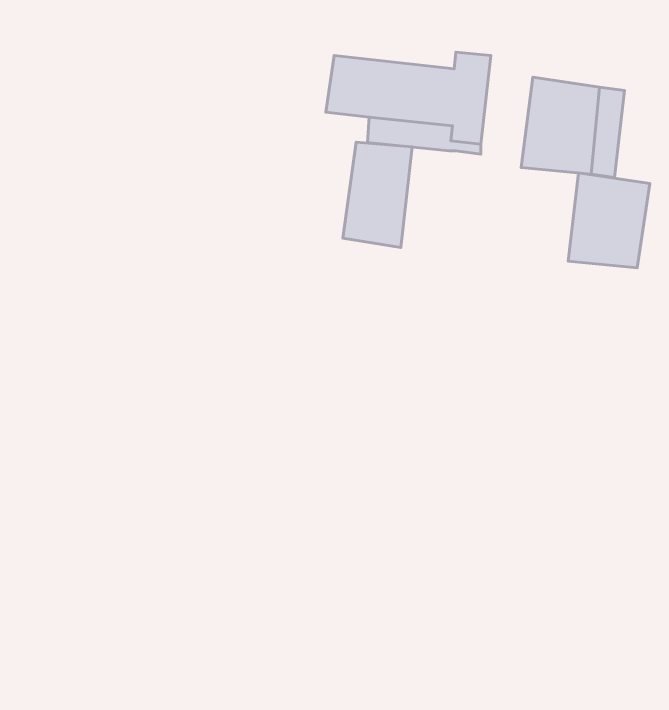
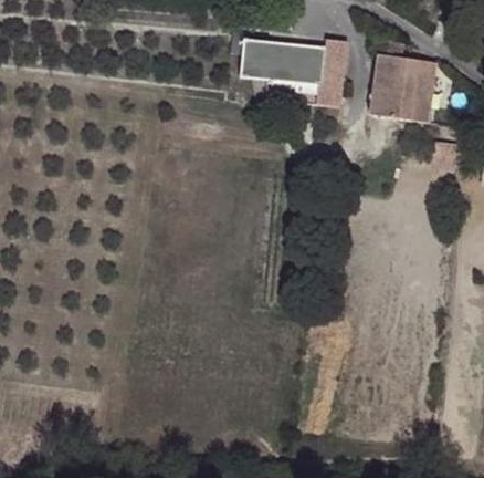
building: [343,142,412,247] -> none
building: [568,173,650,268] -> none

